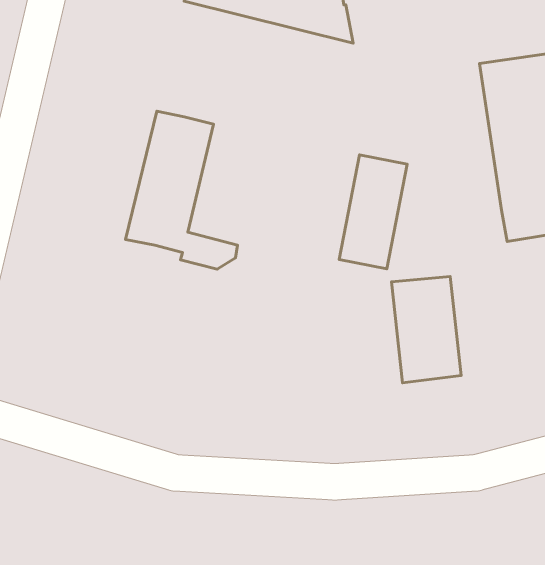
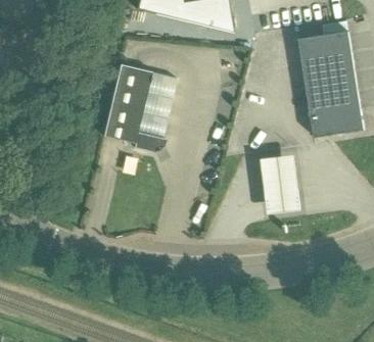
building: [339,155,407,269] -> [142,70,180,134]

